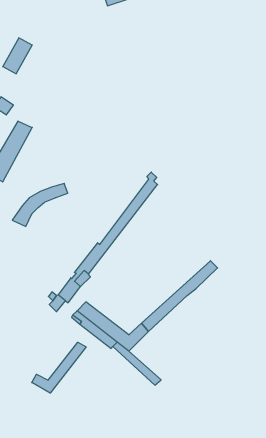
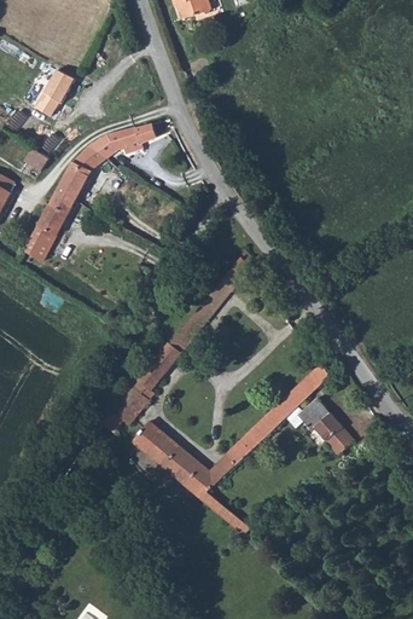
building: [12,183,68,226] -> [59,129,134,187]
building: none -> [287,398,355,456]
building: [32,342,86,393] -> none

